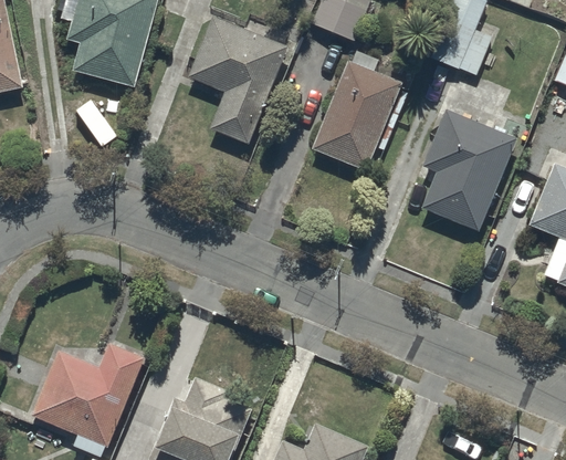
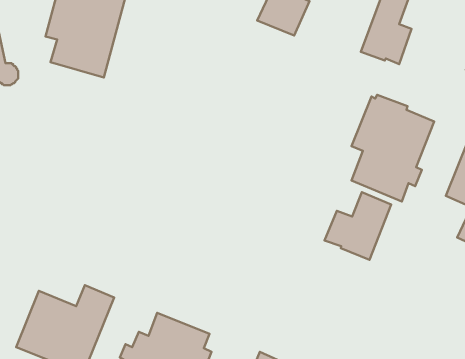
building: [188,18,290,147] -> none
building: [310,49,408,176] -> none
building: none -> [325,192,391,260]

